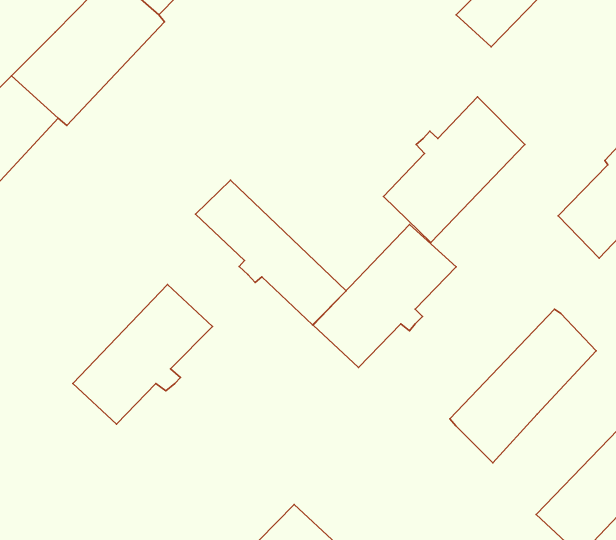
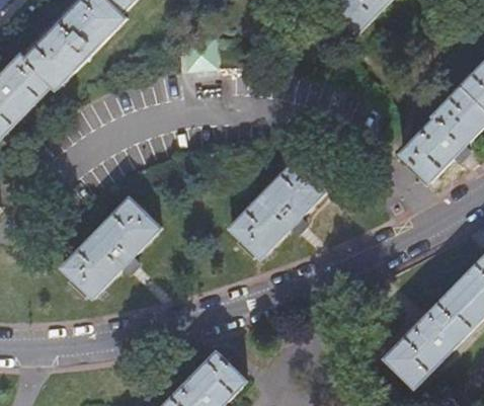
building: [384,97,525,243] -> none
building: [195,180,346,325] -> none
building: [450,309,596,463] -> none

